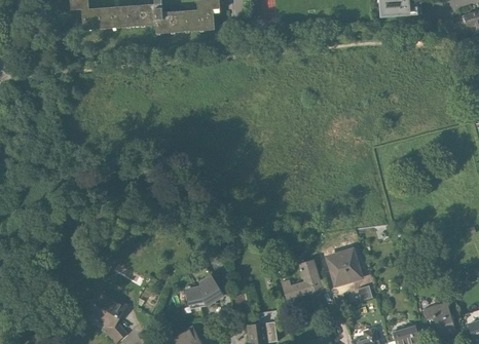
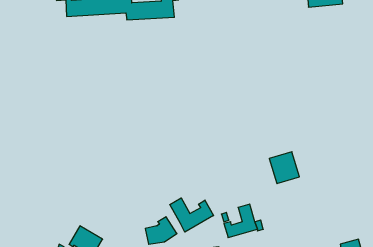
building: [325,246,362,285] -> [269,152,299,184]
building: none -> [170,198,214,232]

